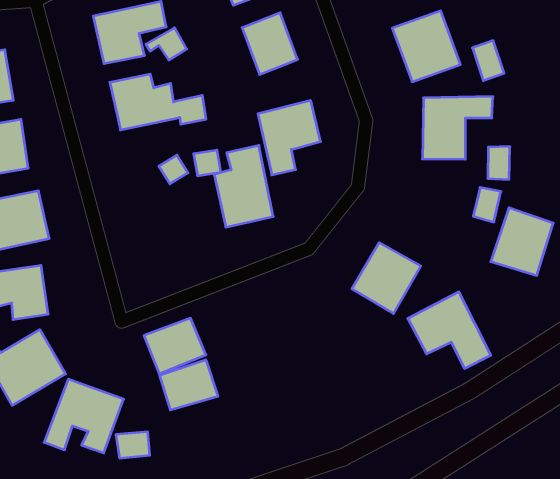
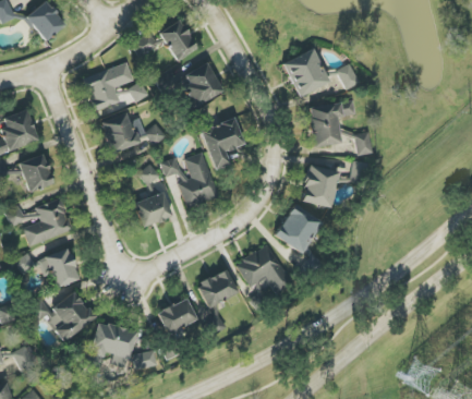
building: none -> [134,193,171,227]
building: [491,208,553,275] -> [301,165,339,207]
building: [408,292,491,368] -> [235,243,293,293]
building: [144,318,206,374] -> [196,269,239,309]

